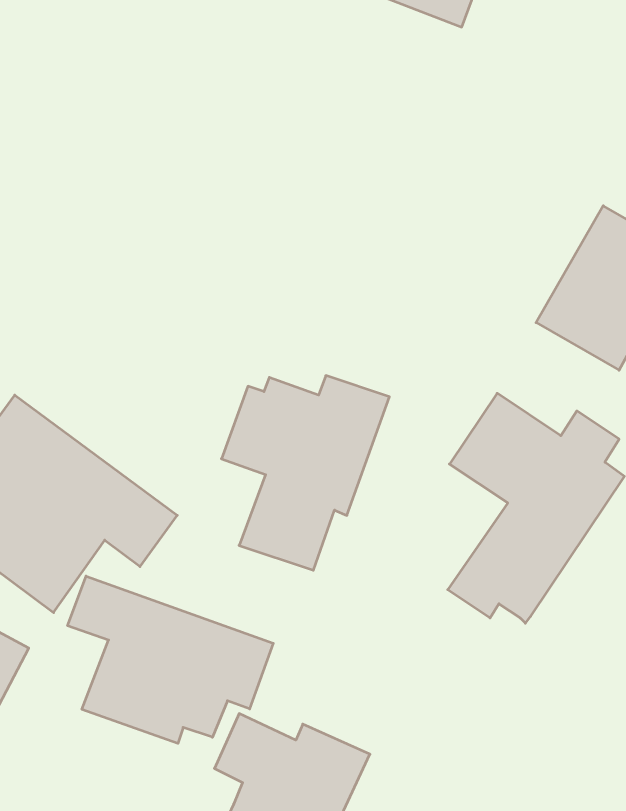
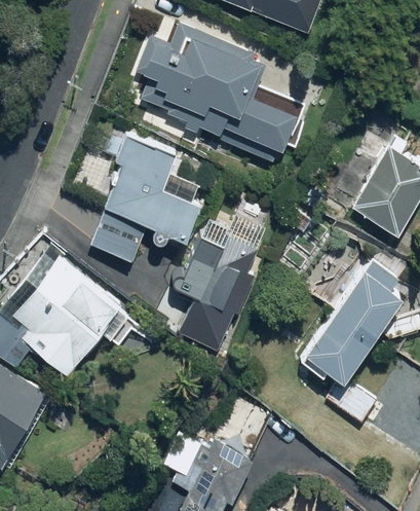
building: none -> [141,24,297,151]
building: none -> [90,131,206,264]
building: [68,576,273,743] -> none

